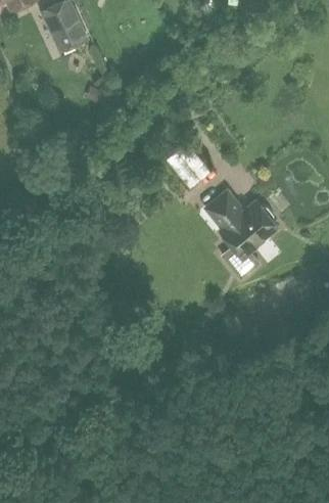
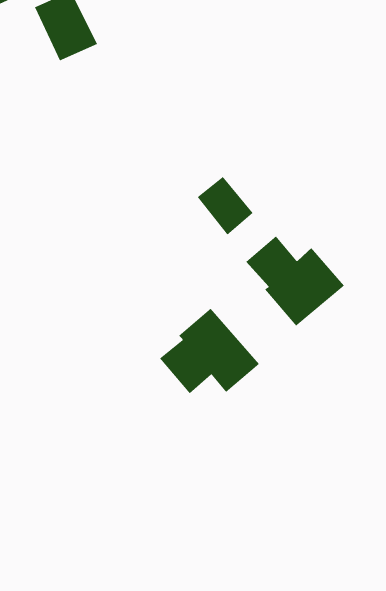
building: none -> [159,308,260,394]

